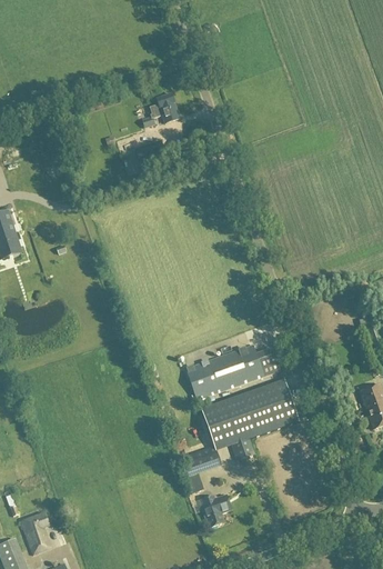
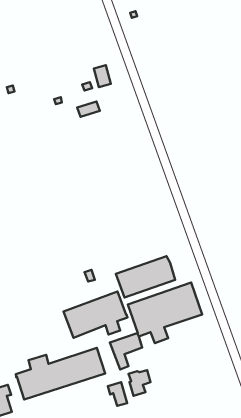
building: none -> [64,291,127,338]
building: none -> [16,348,105,400]
building: none -> [108,382,127,406]

